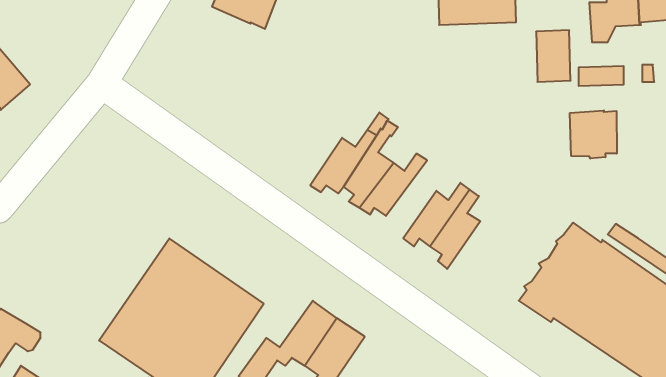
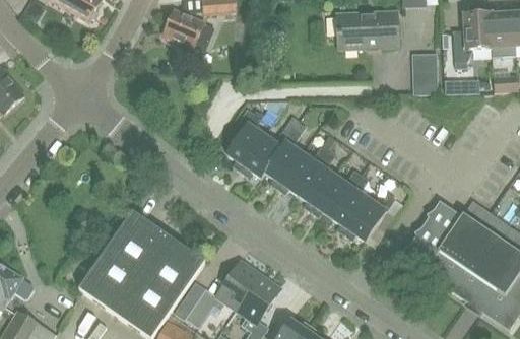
building: none -> [226,109,264,171]
building: [570,110,617,159] -> none
building: none -> [298,151,336,211]
building: none -> [344,192,396,241]

